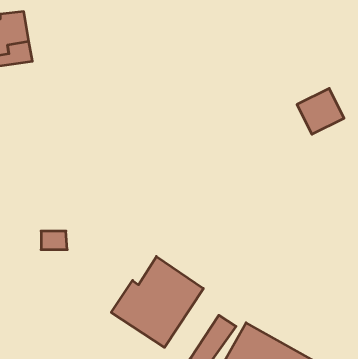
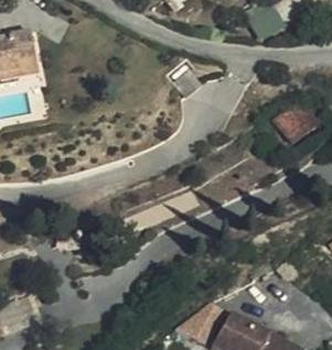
building: [111,256,203,347] -> none

